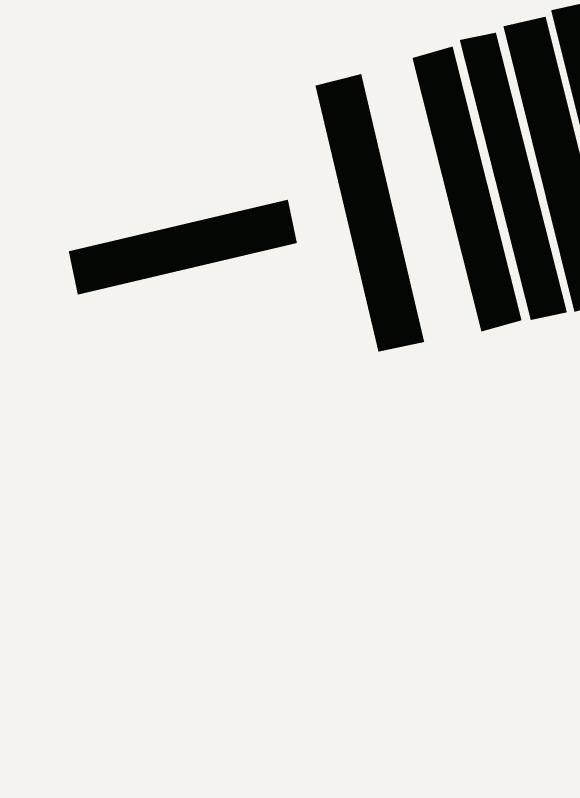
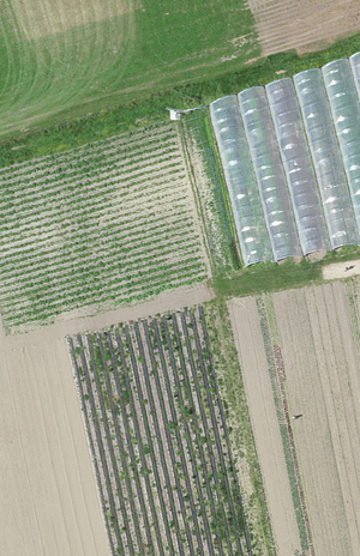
building: none -> [226,92,292,261]
building: [68,199,298,296] -> none

